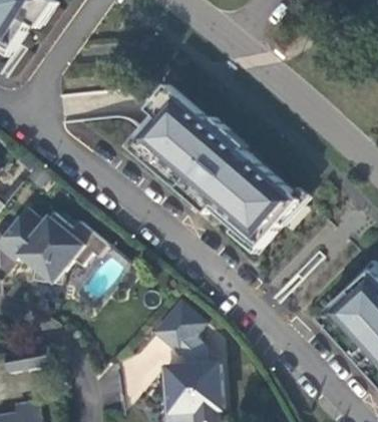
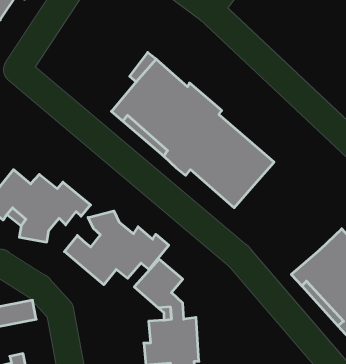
building: none -> [64,211,169,285]

